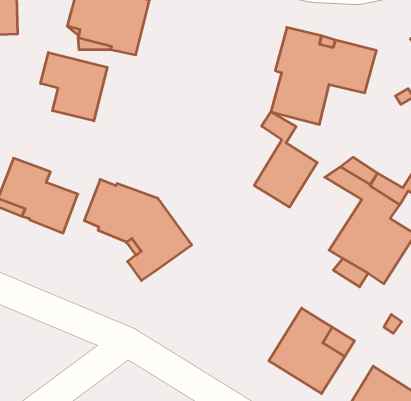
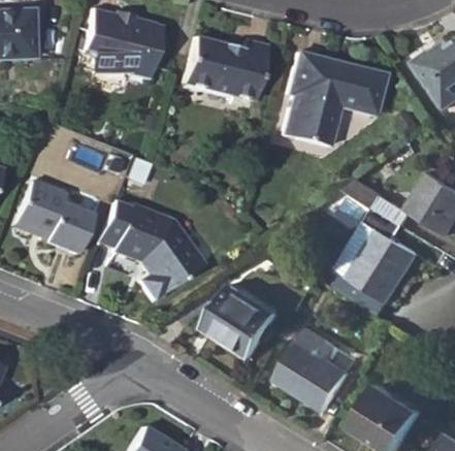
building: none -> [181,37,264,101]
building: [41,52,107,121] -> none
building: [254,112,317,207] -> none
building: none -> [204,283,281,357]

